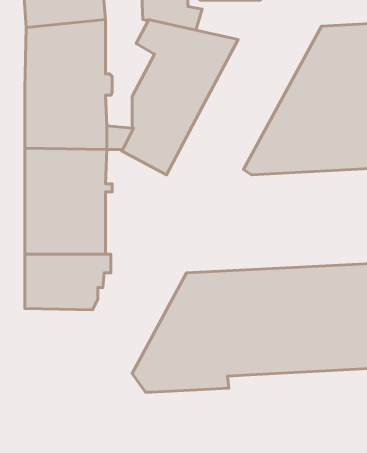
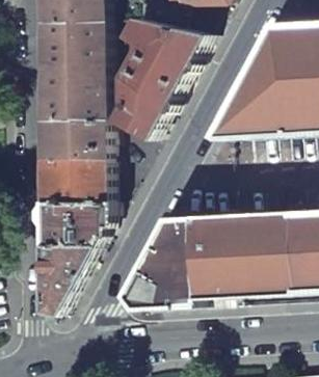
building: none -> [38,246,91,317]

